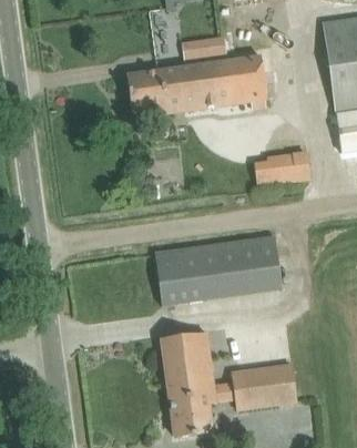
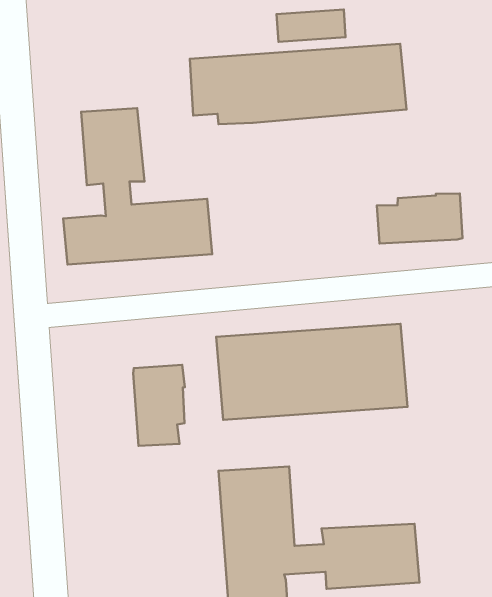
building: none -> [63,108,212,265]
building: none -> [133,365,185,446]

